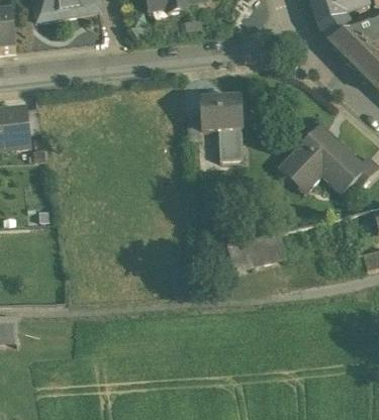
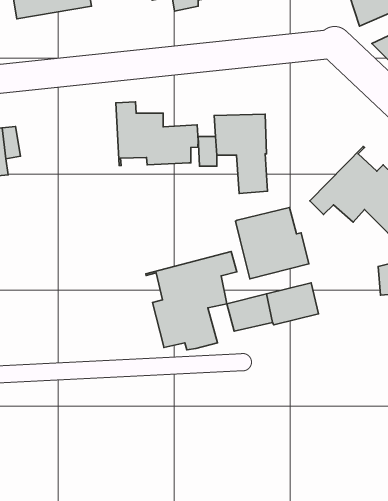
building: none -> [116,102,198,166]
building: none -> [235,207,309,279]
building: none -> [146,252,237,350]

